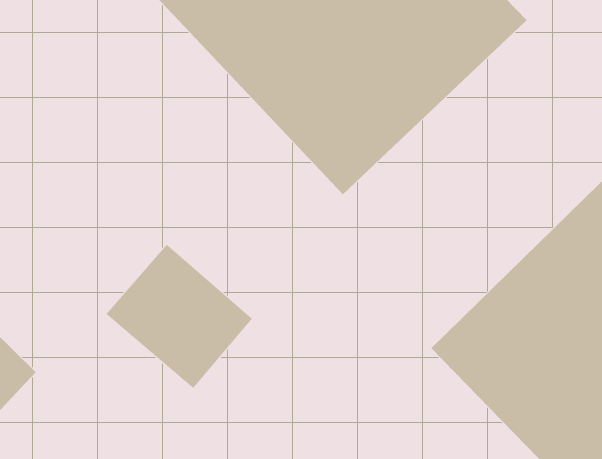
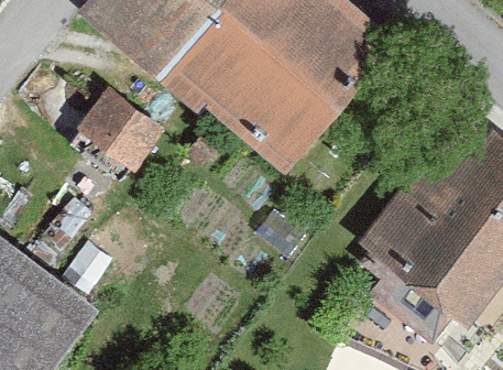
building: [106,244,253,389] -> [75,92,173,186]

